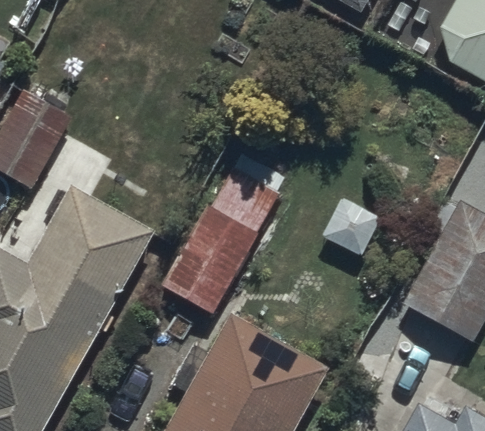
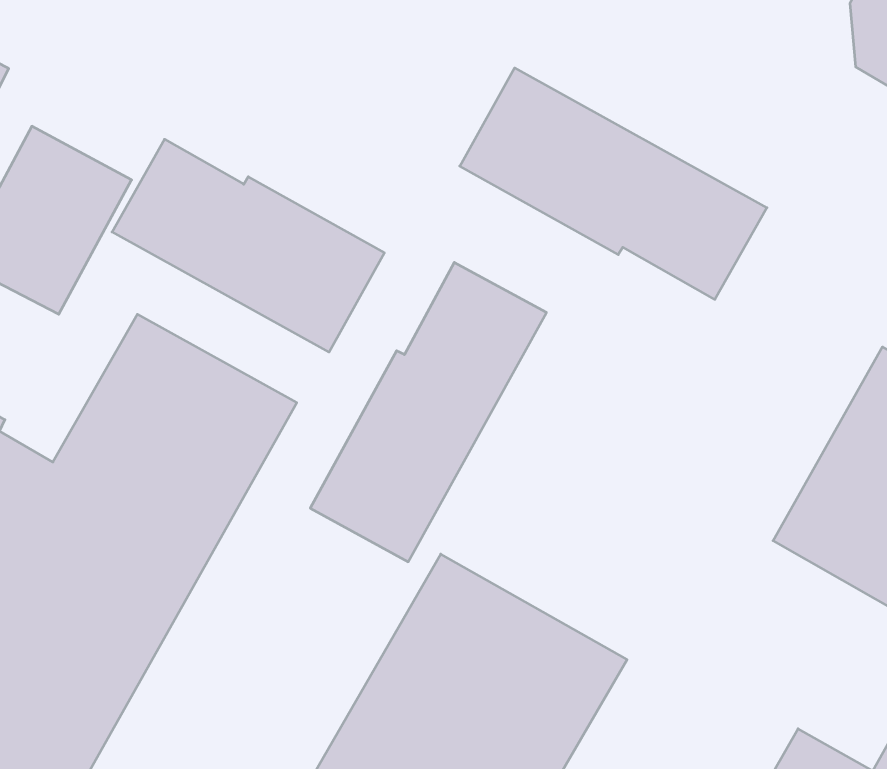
building: none -> [460,68,767,299]
building: none -> [112,139,384,352]

